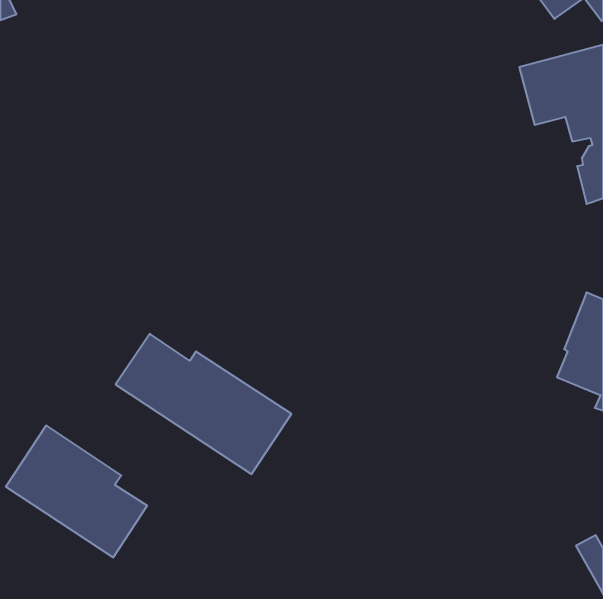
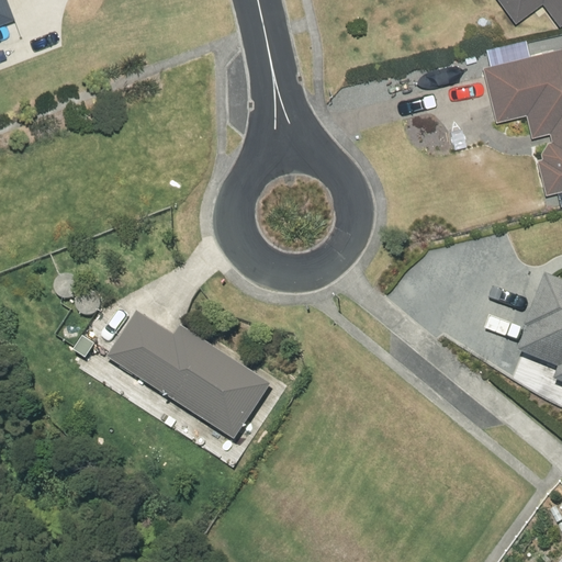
building: [6,425,147,558] -> none

